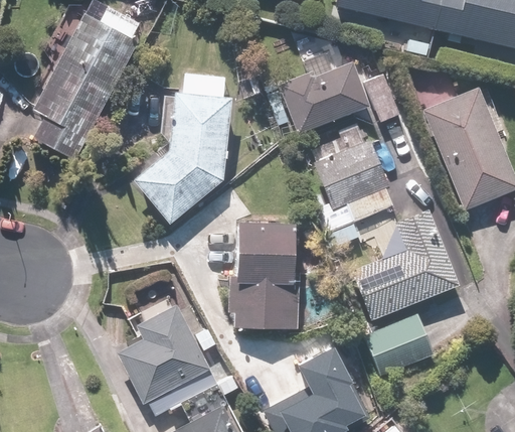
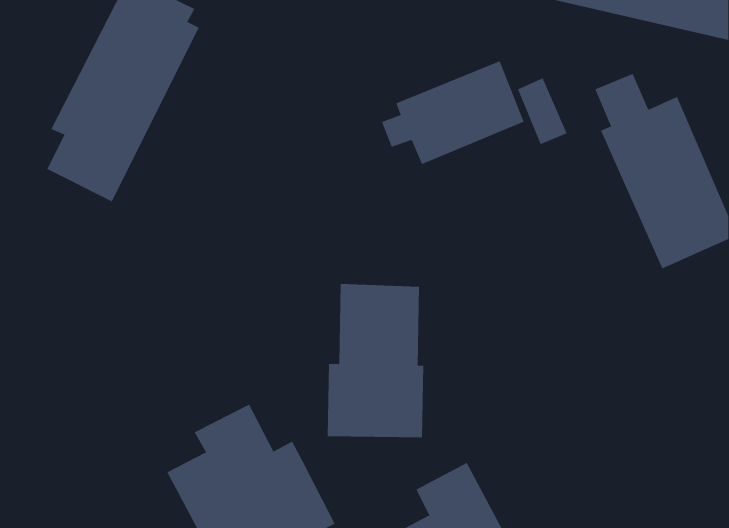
building: [134,76,232,224] -> none
building: [316,138,460,321] -> none
building: [362,312,433,377] -> none

